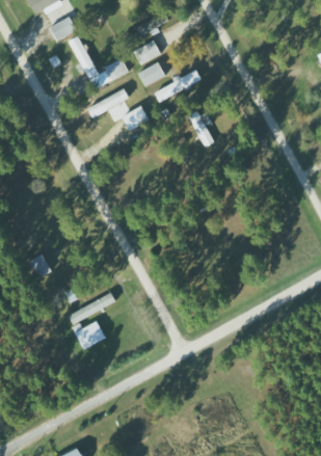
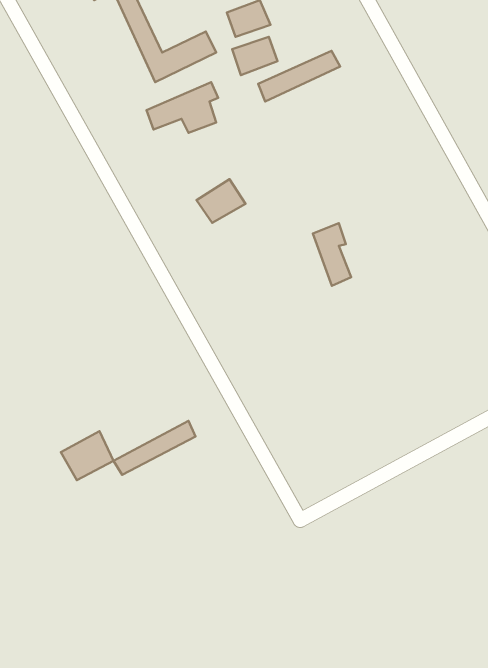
building: [122,105,151,131] -> [196,179,245,223]
building: [191,110,214,147] -> [313,223,351,286]
building: [75,319,106,348] -> [61,431,113,480]

